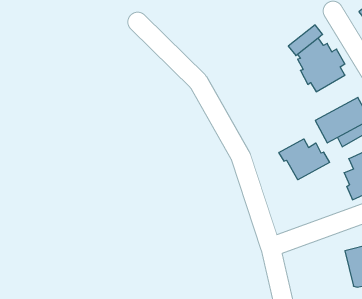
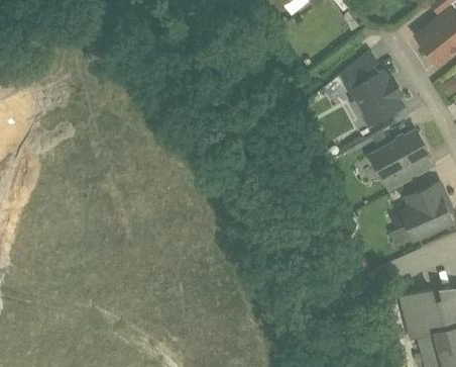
building: [279,139,330,180] -> none

